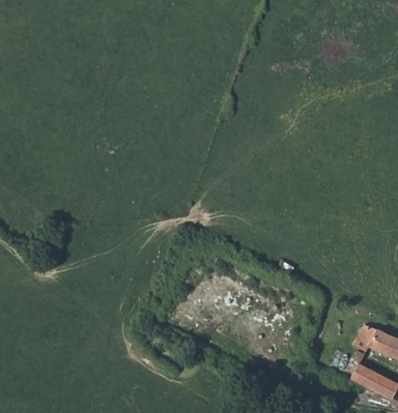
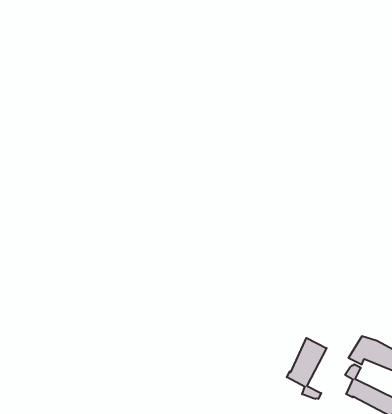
building: none -> [287,338,327,399]

